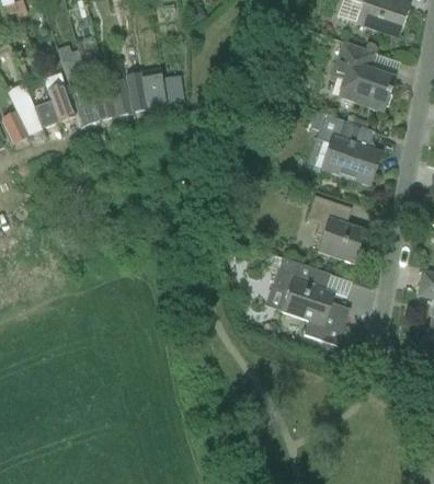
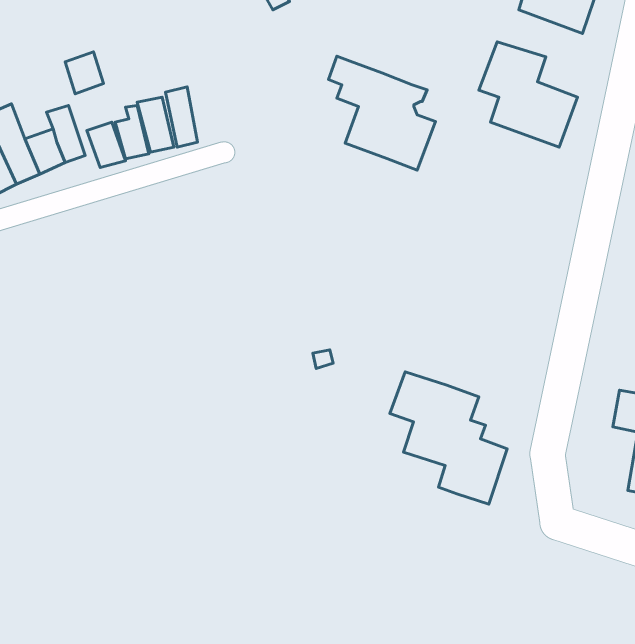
building: [142,68,165,108] -> none
building: [311,110,381,184] -> [328,56,436,170]
building: [305,195,366,262] -> none

